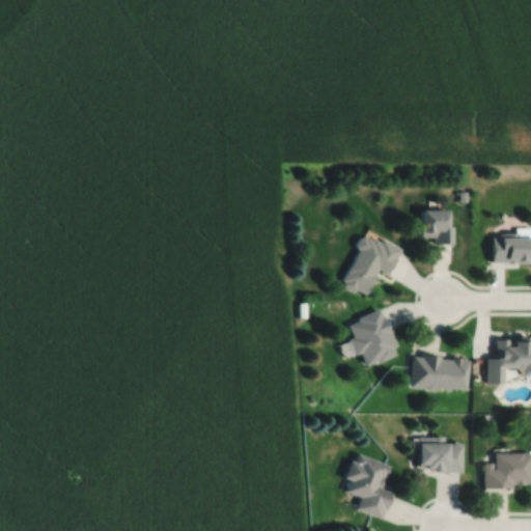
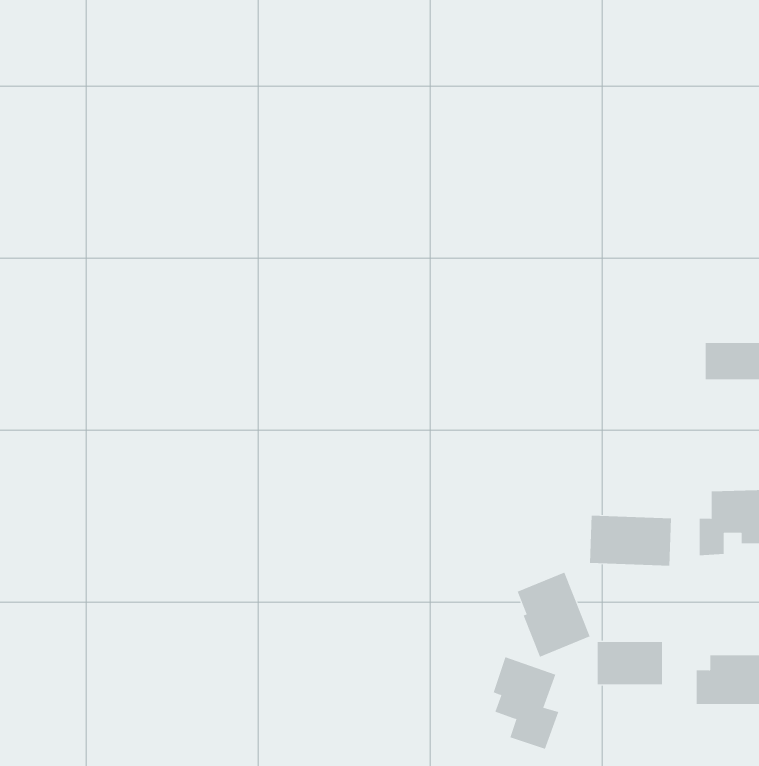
building: [421,209,455,243] -> none
building: [342,233,401,297] -> none
building: [348,309,399,368] -> [517,572,590,658]

